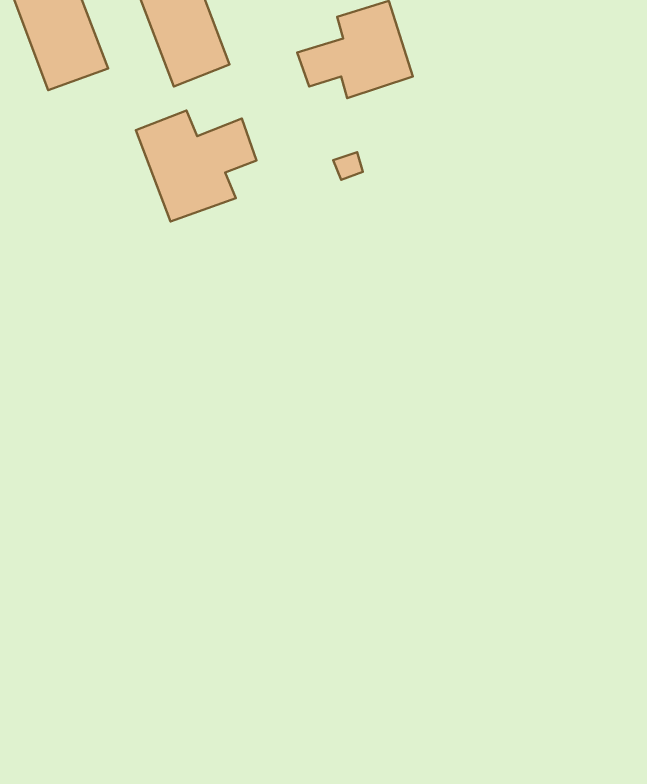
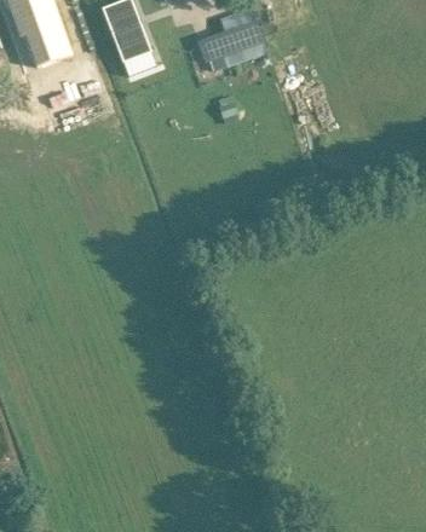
building: [136,110,256,222] -> none

